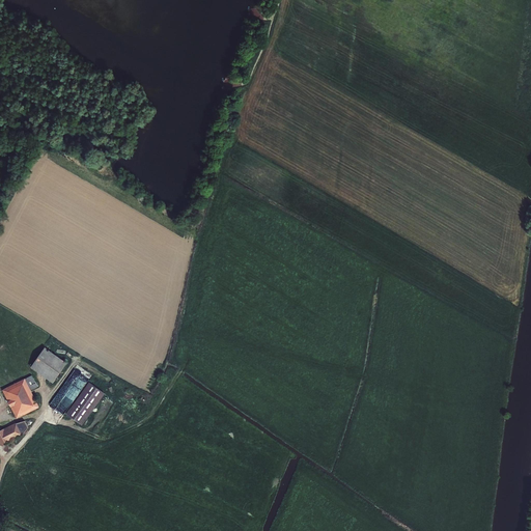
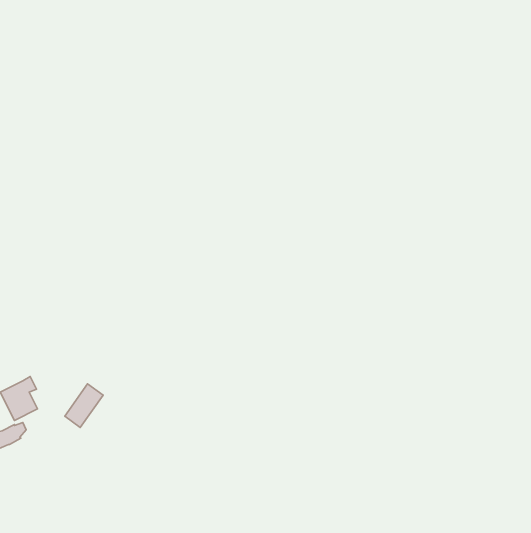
building: [29,346,65,383] -> none
building: [54,370,86,413] -> none

